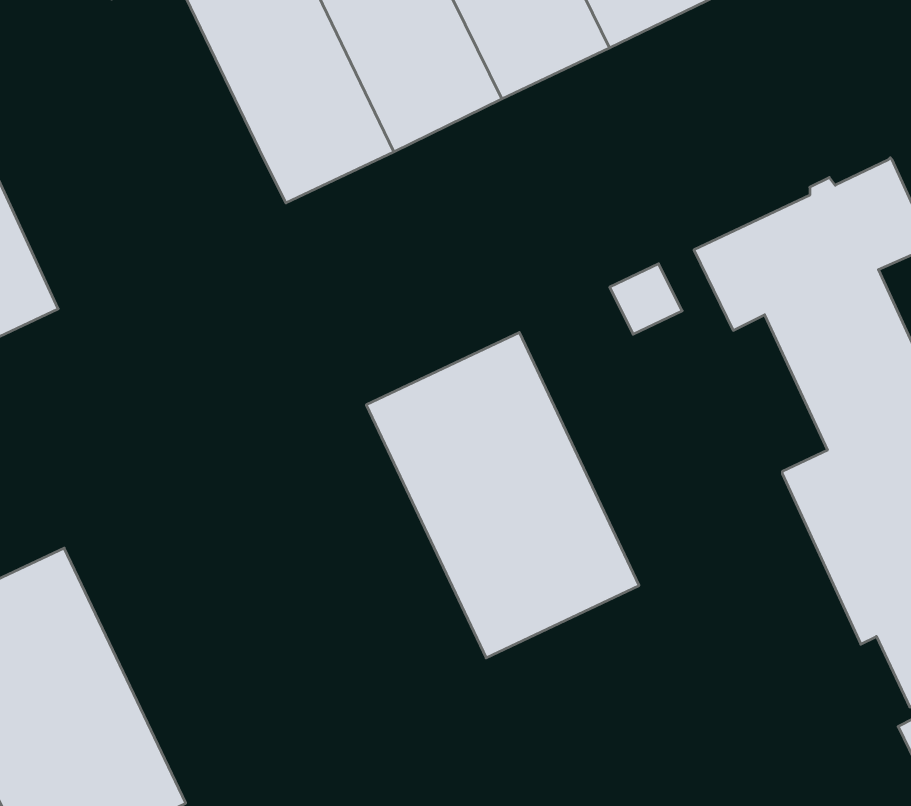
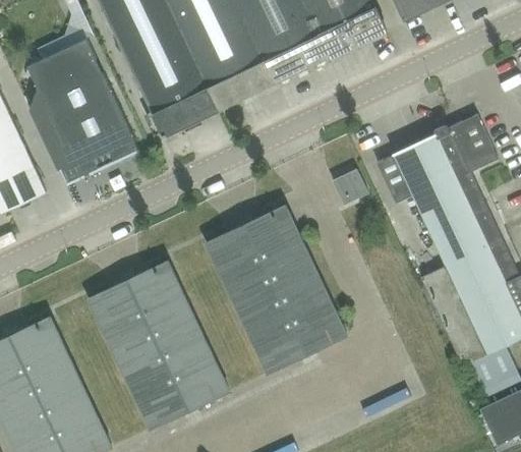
building: none -> [26,38,137,184]
building: none -> [88,260,230,430]

